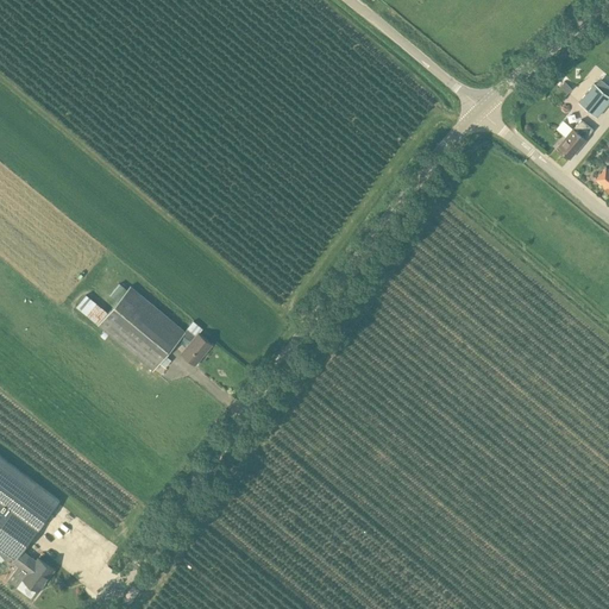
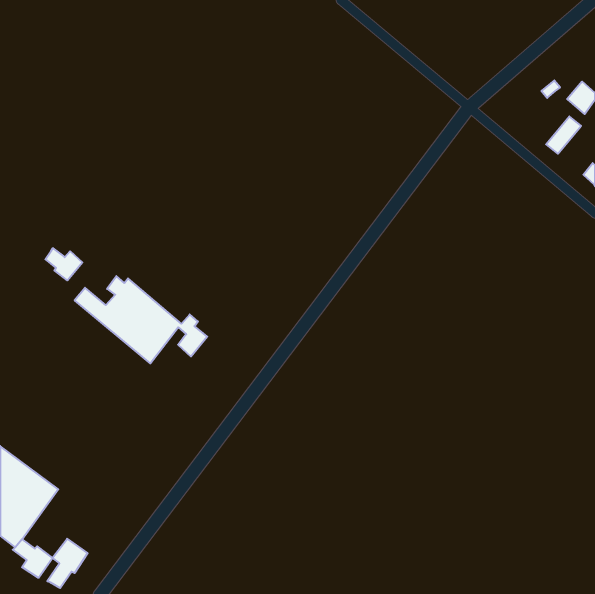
building: none -> [45,248,82,280]
building: none -> [47,539,88,588]

